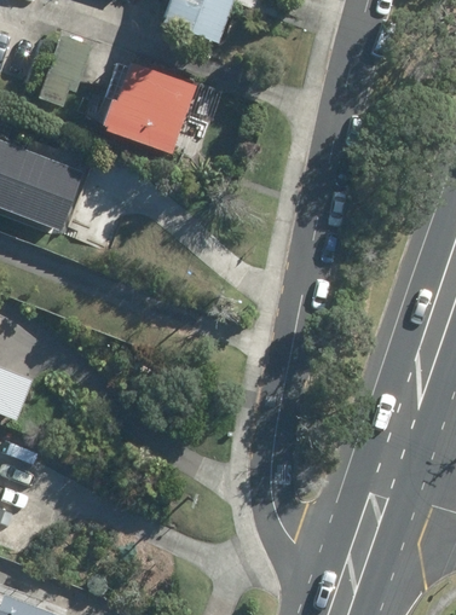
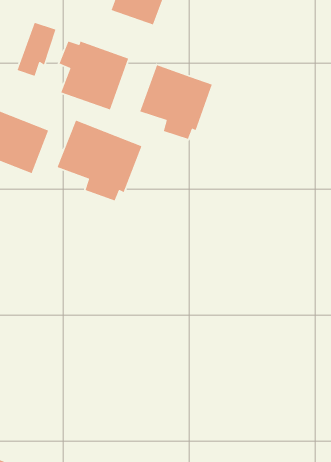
building: none -> [139,64,213,140]
building: none -> [57,120,142,201]

